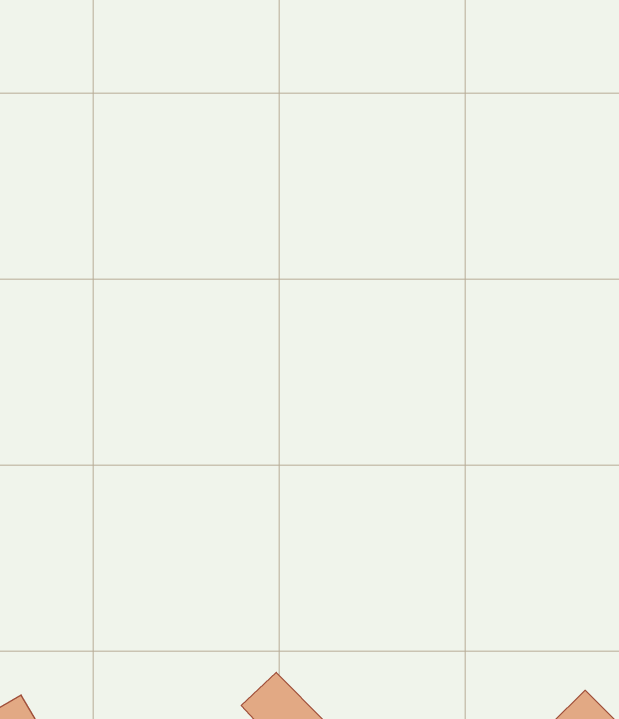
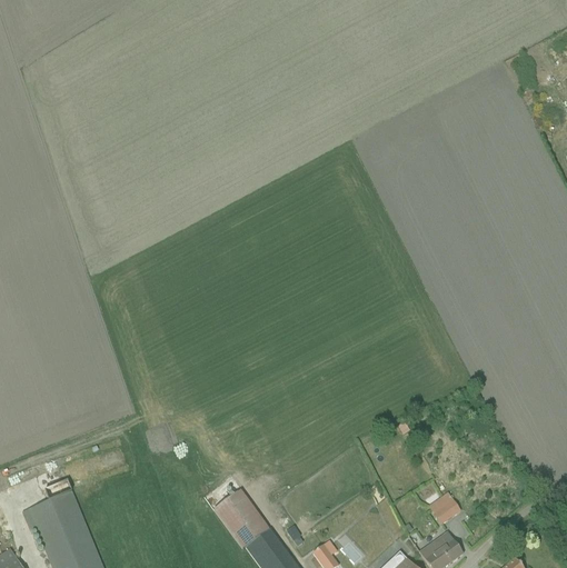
building: none -> [430,495,462,527]

